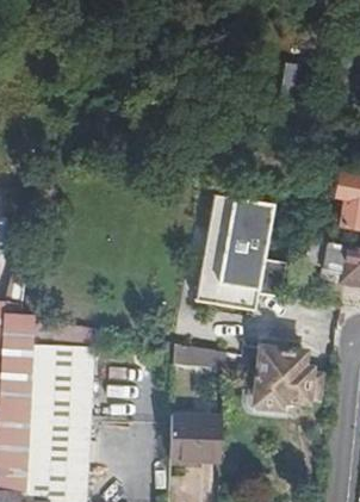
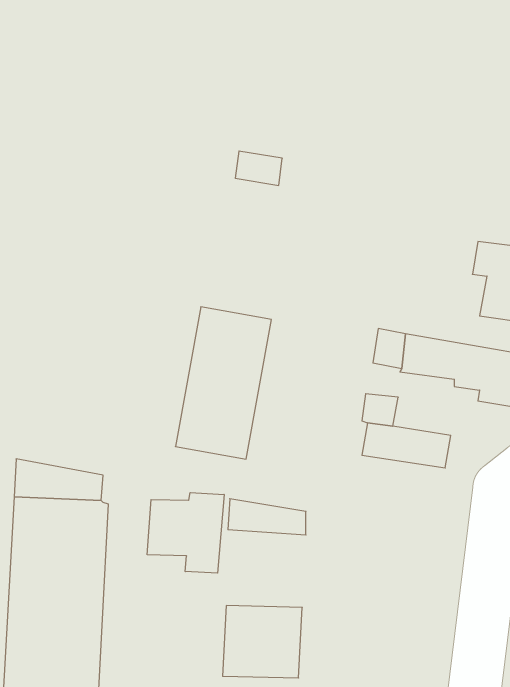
building: [209,194,272,295] -> [175,307,271,459]
building: none -> [147,493,224,573]
building: [250,347,321,407] -> none

